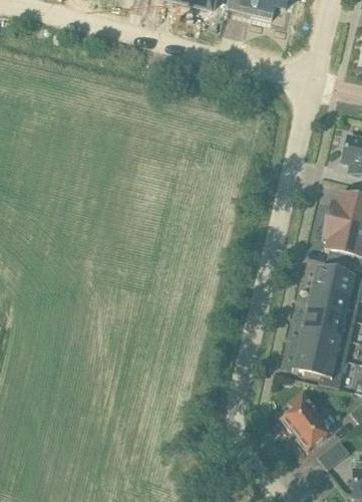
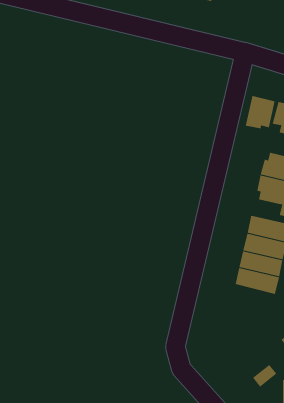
building: none -> [245,95,275,129]
building: [293,346,345,387] -> none
building: [281,392,330,449] -> none

